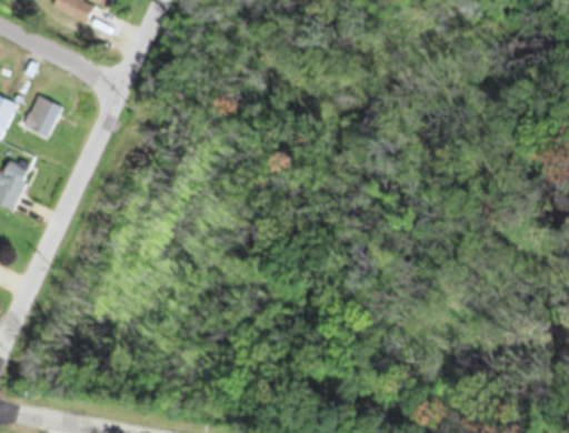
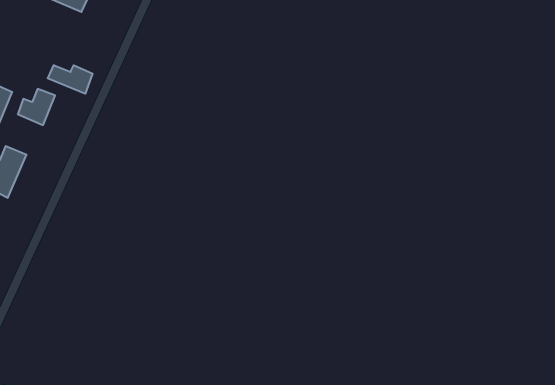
building: none -> [48,65,93,94]

